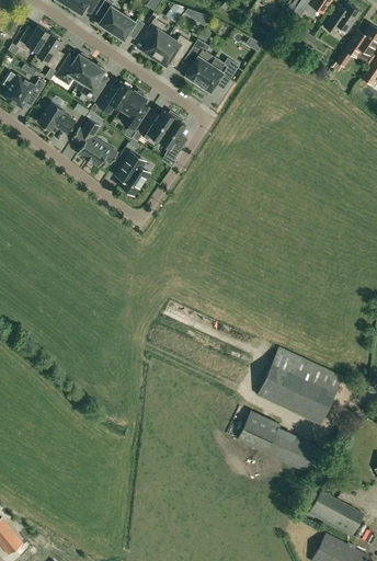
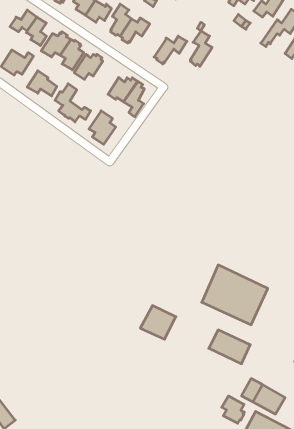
building: [185,39,213,84] -> [190,31,212,66]
building: [119,90,148,130] -> none
building: [236,410,281,453] -> [140,306,176,339]
building: none -> [222,396,244,423]

